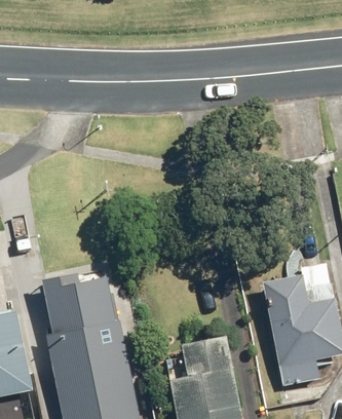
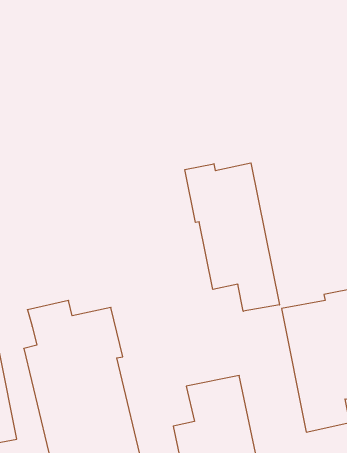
building: none -> [185,163,279,311]

